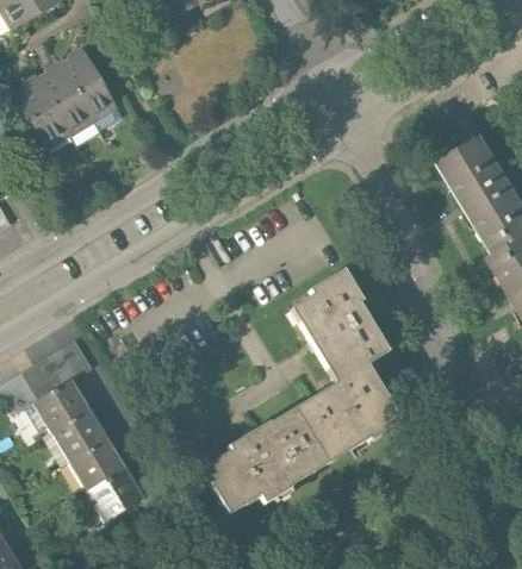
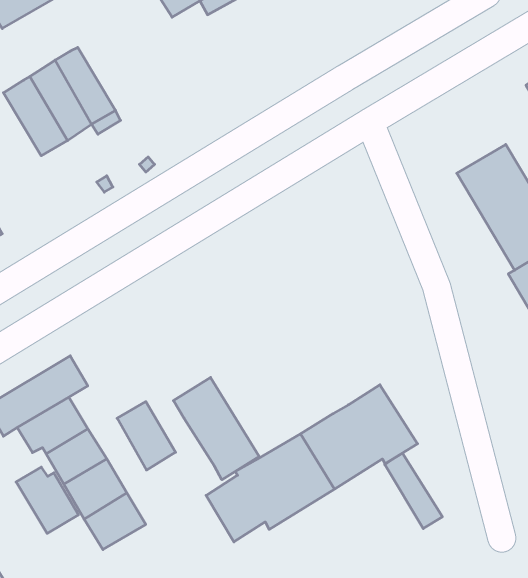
building: [288,267,389,383] -> none
building: none -> [173,377,259,480]
building: none -> [117,402,176,470]
building: none -> [385,453,442,529]
building: none -> [16,467,78,533]

